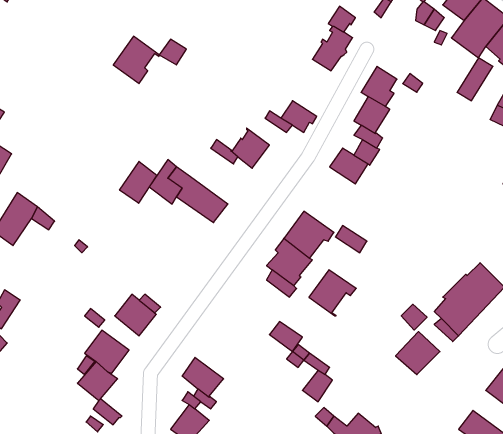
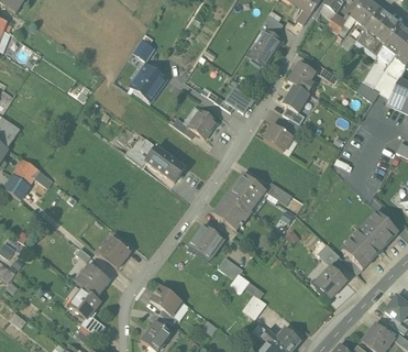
building: [113,36,159,84] -> [130,64,165,100]
building: [120,161,157,203] -> none
building: [309,270,356,316] -> [188,224,224,260]

